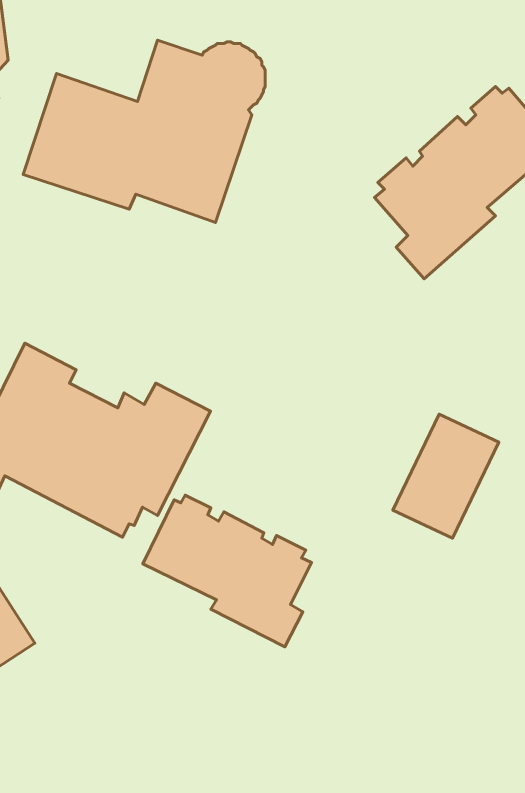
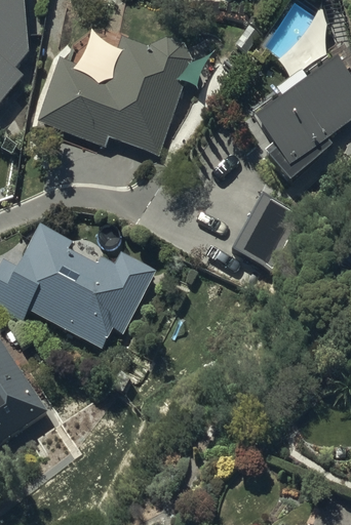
building: [393,414,499,538] -> [234,190,300,267]
building: [143,495,312,647] -> none

